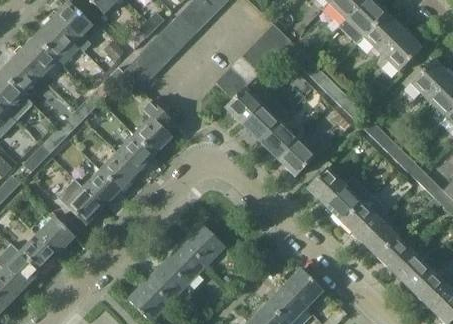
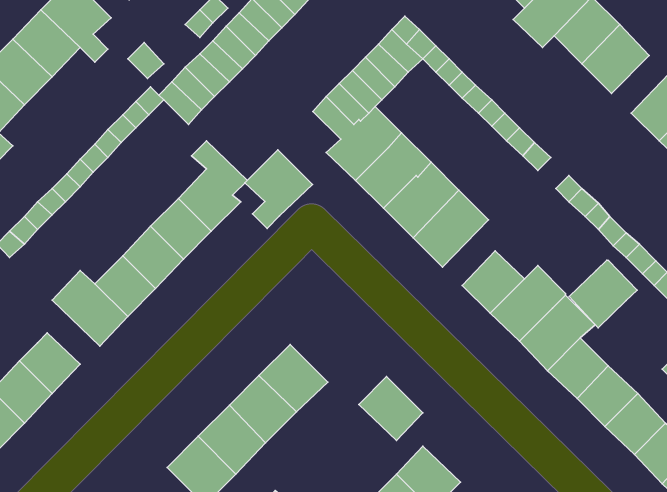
building: none -> [245,150,313,228]
building: none -> [569,260,637,328]
building: [283,269,322,308] -> [359,377,423,441]

